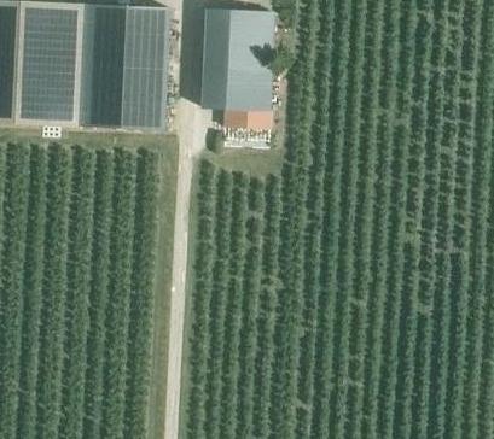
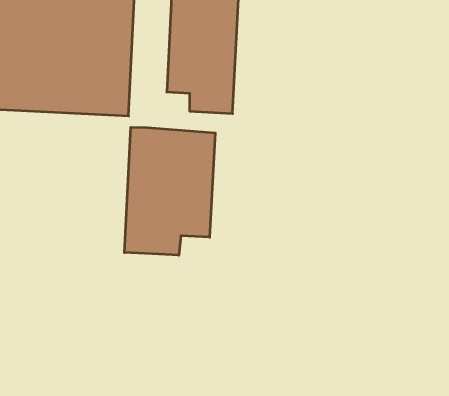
building: none -> [124,127,215,255]

